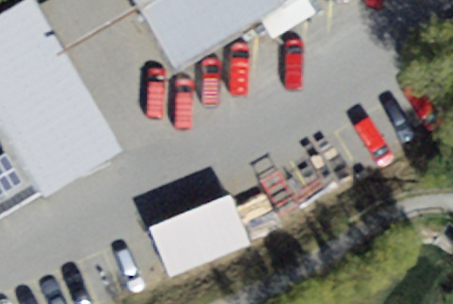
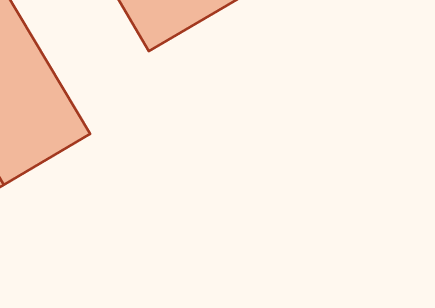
building: [151,189,246,267] -> none

